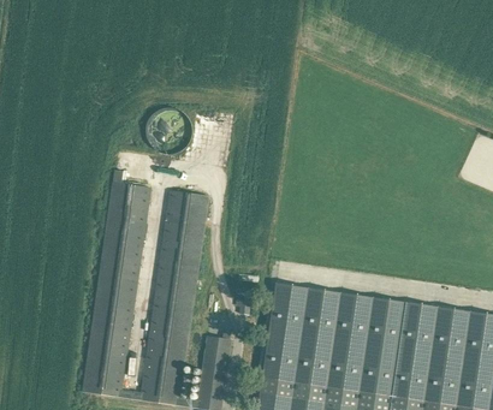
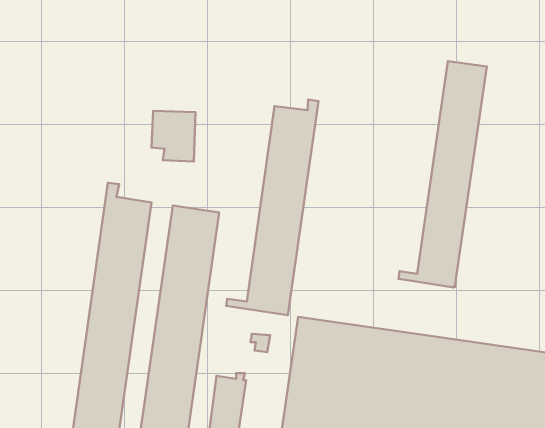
building: none -> [399,61,487,288]
building: none -> [226,99,319,315]

